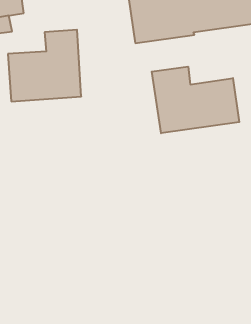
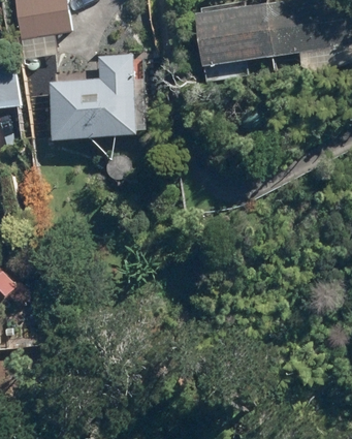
building: [152,67,239,133] -> none

